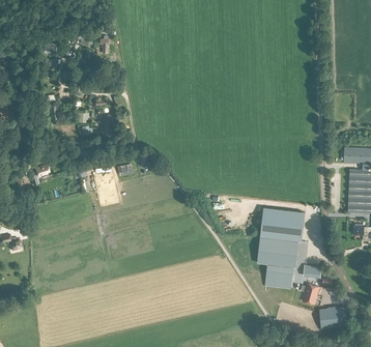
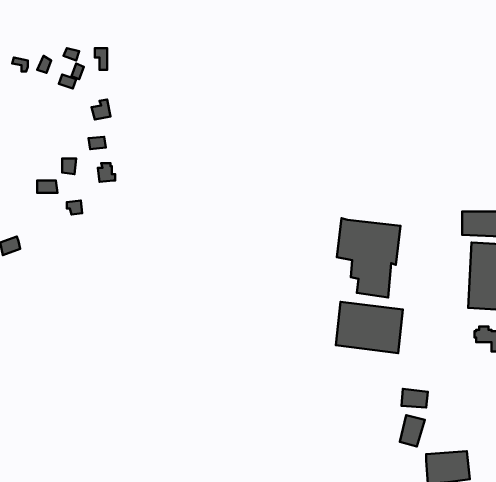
building: [257,236,299,289] -> [337,218,401,298]

